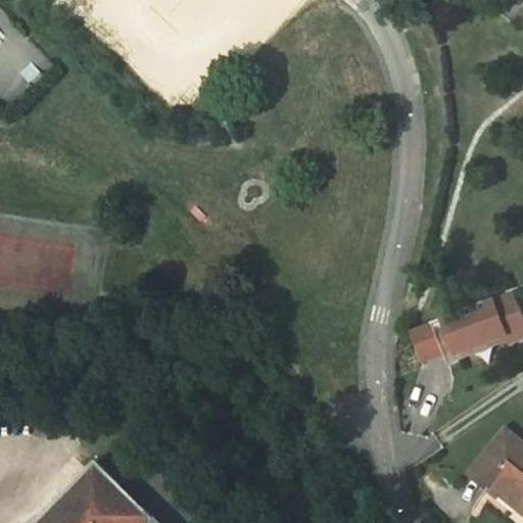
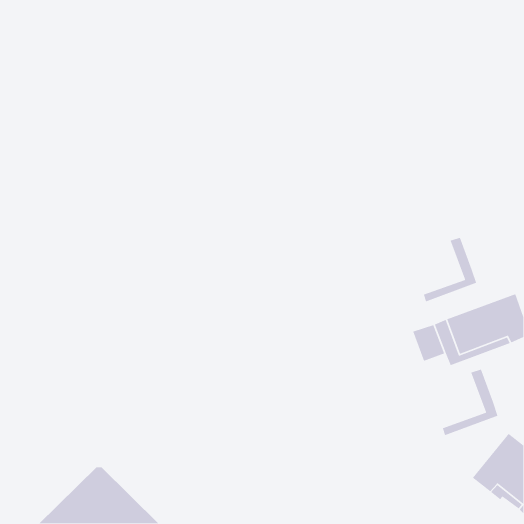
building: none -> [423,237,477,302]
building: none -> [442,369,499,436]

